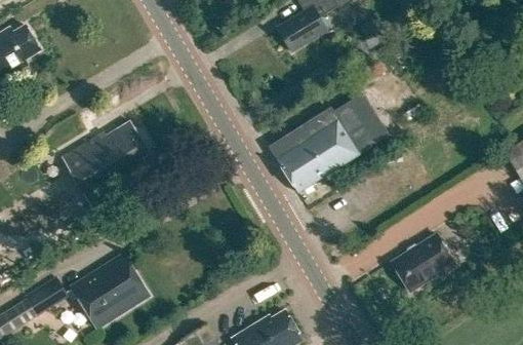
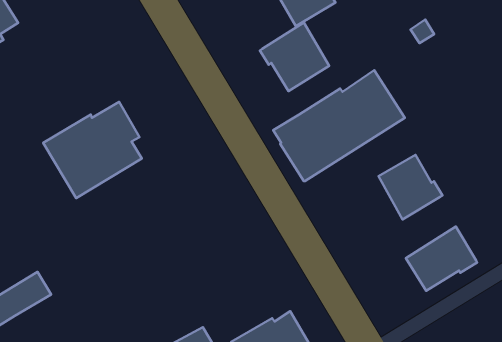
building: none -> [260,22,329,91]
building: none -> [378,155,442,220]
building: [71,254,148,328] -> none

